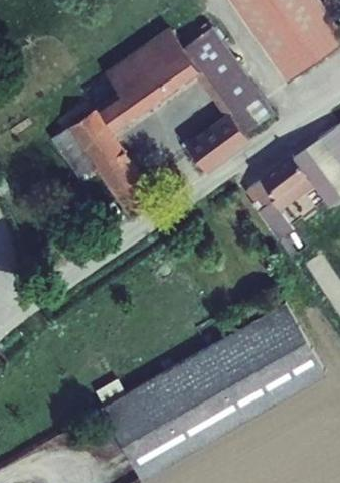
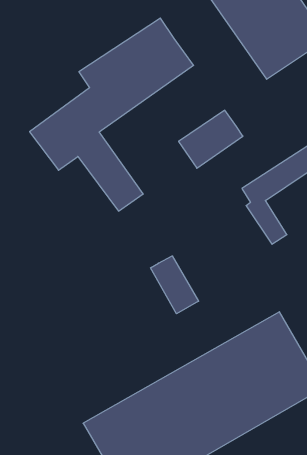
building: [185,28,273,130] -> none
building: none -> [151,256,199,314]

